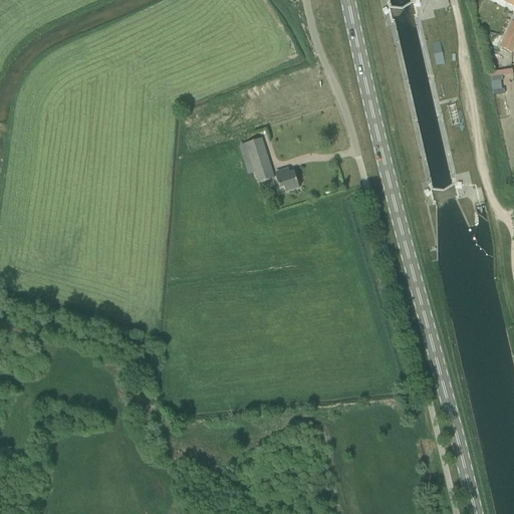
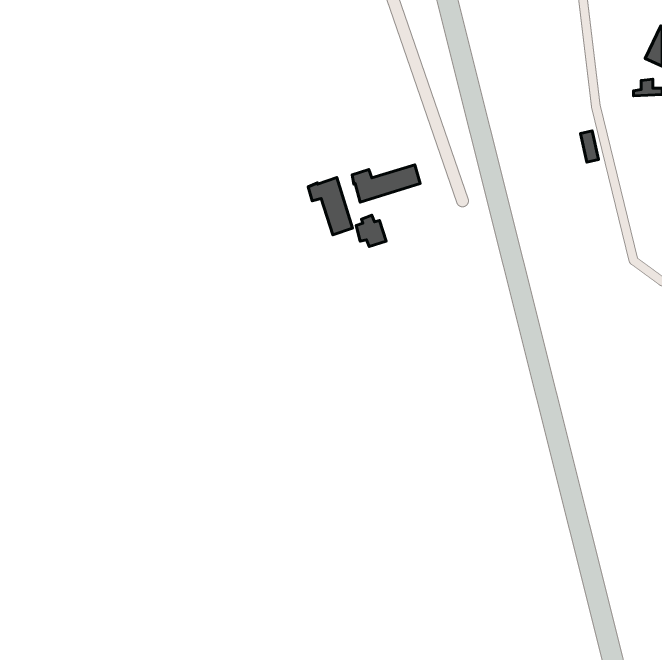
building: none -> [352,165,420,202]

